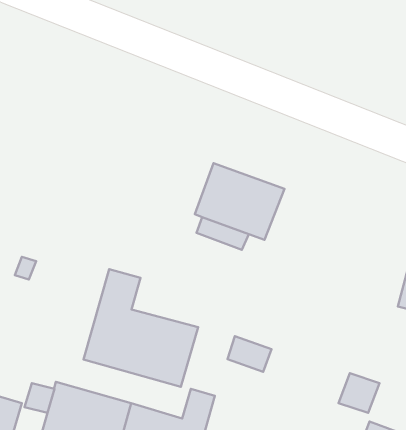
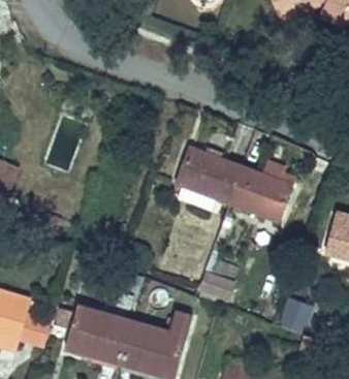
building: none -> [227,165,292,221]
building: [84,269,198,387] -> none

